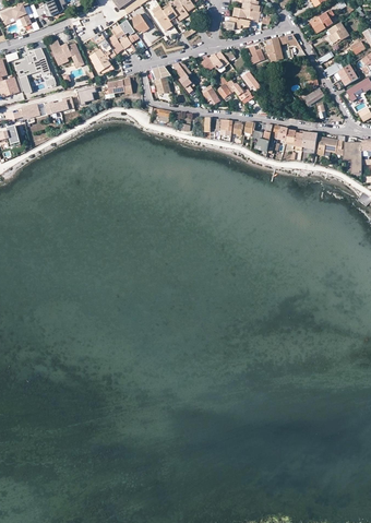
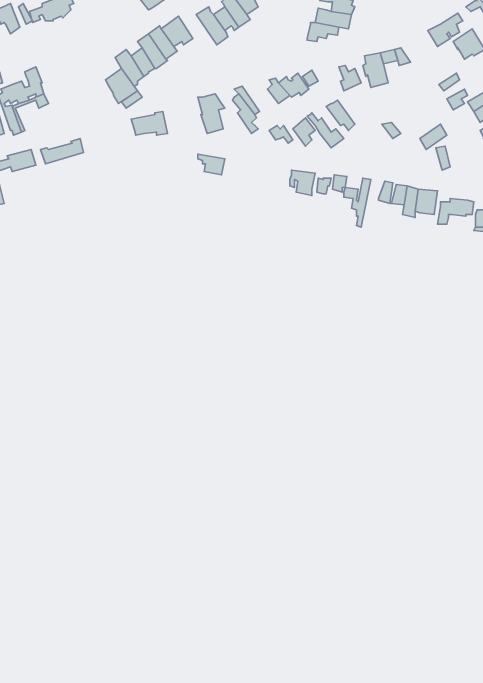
building: [48,39,83,64] -> none

